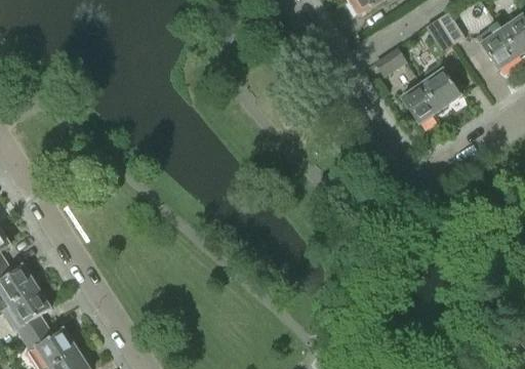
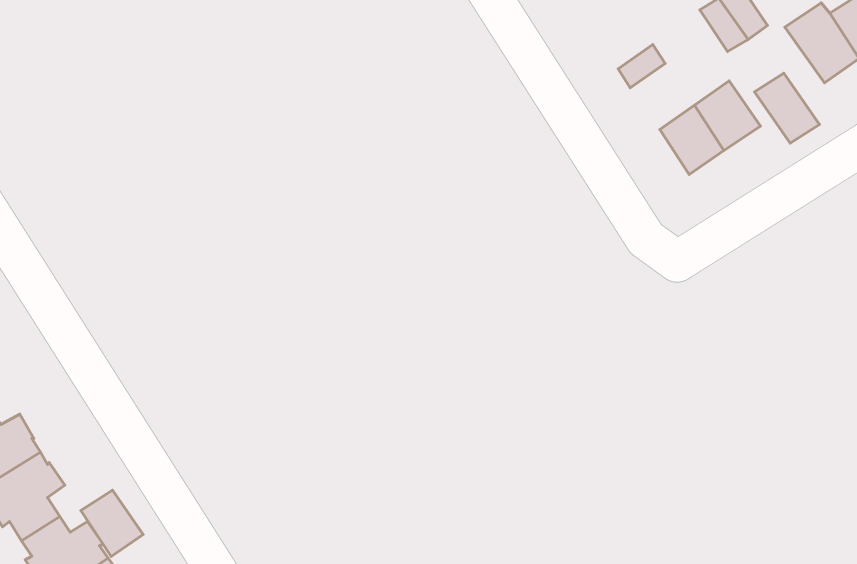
building: none -> [754,73,820,143]
building: none -> [81,490,143,556]

